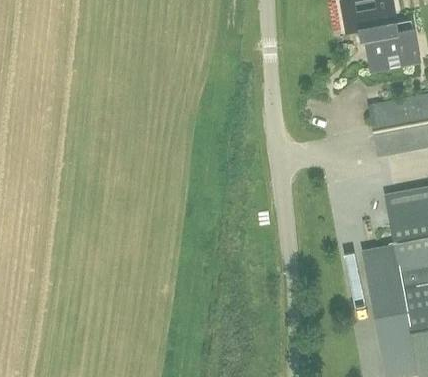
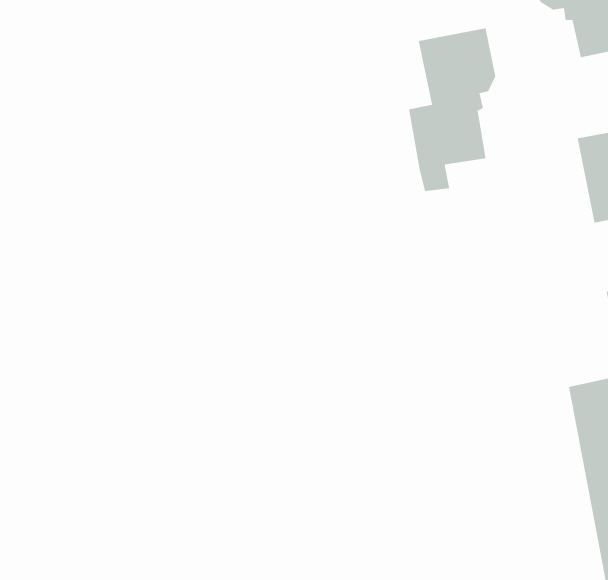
building: none -> [408,28,496,192]

